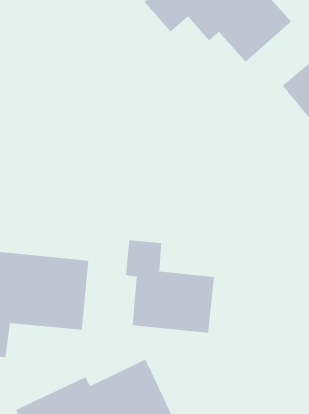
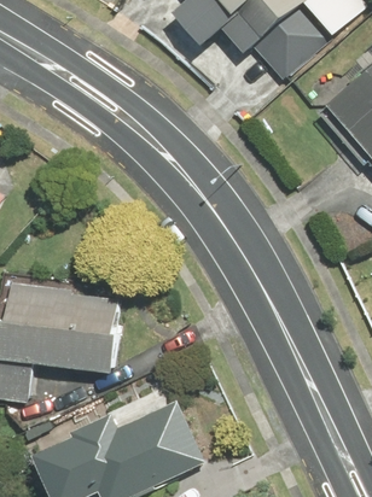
building: [125,239,214,334] -> none

